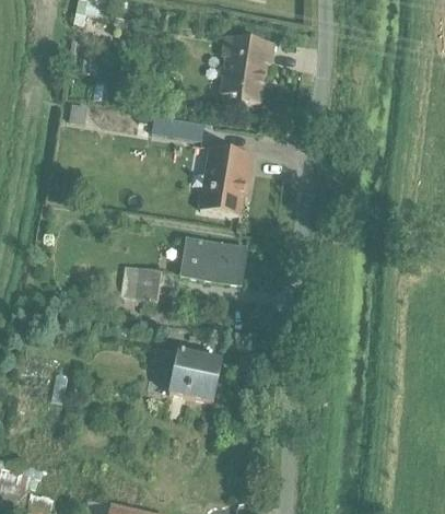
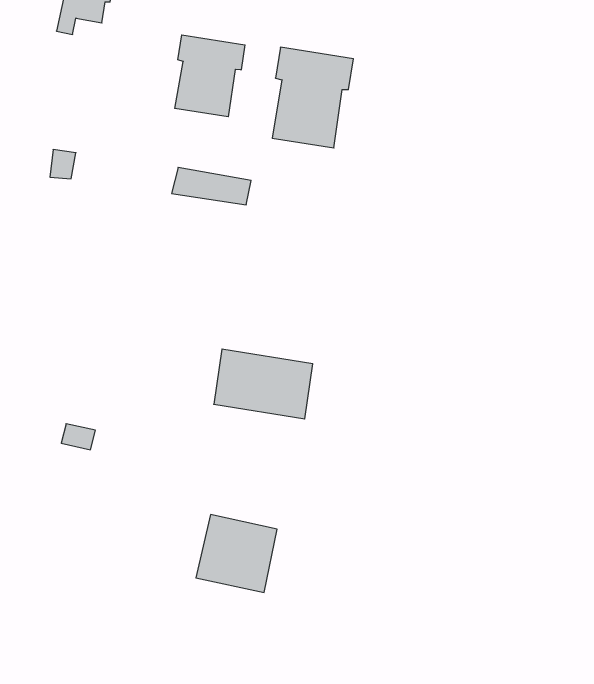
building: none -> [175,35,245,117]
building: [199,145,253,214] -> none
building: [114,264,162,301] -> none

